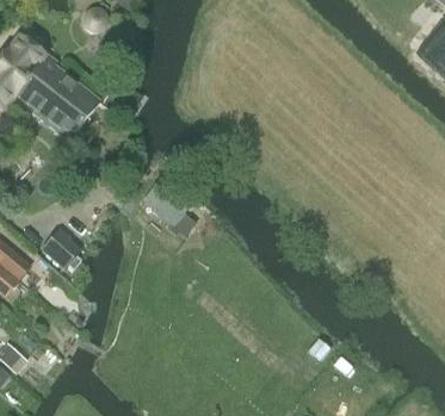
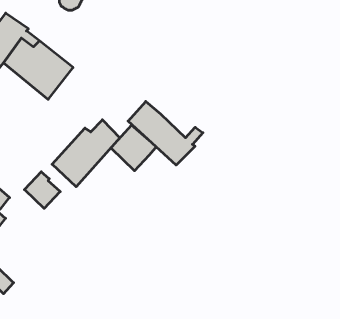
building: none -> [128,101,203,165]
building: none -> [52,120,120,187]

